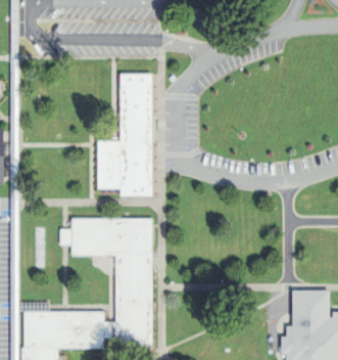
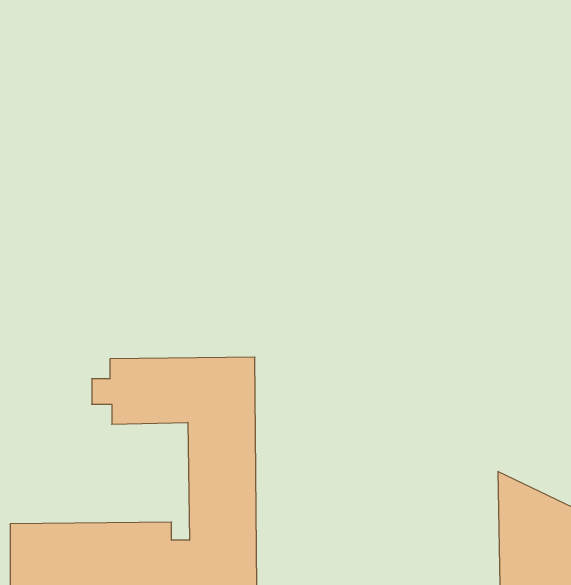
building: [96,73,153,197] -> none

